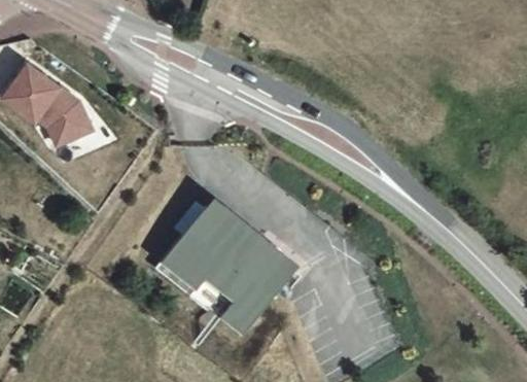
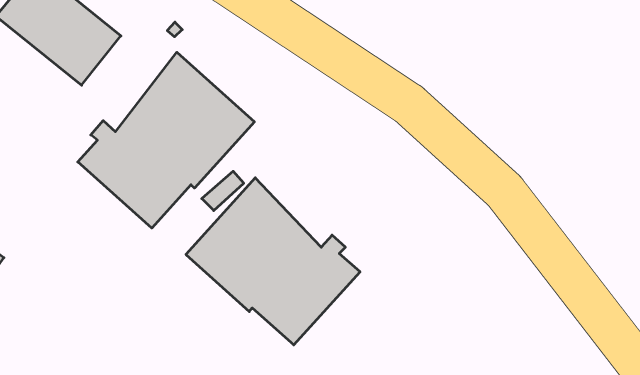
building: none -> [78,52,254,228]

